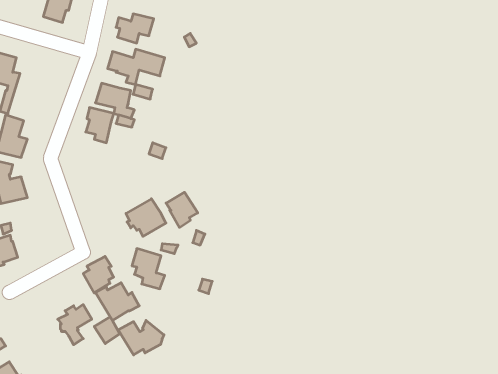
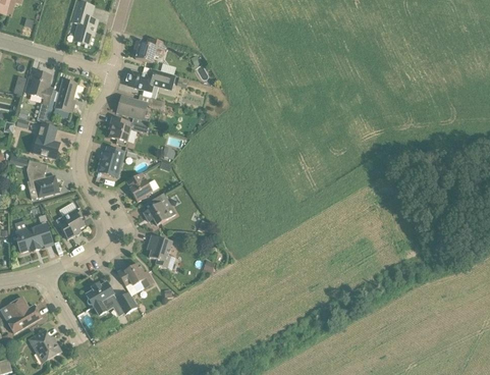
building: none -> [54,78,76,112]
building: none -> [96,146,124,176]
building: [166,192,198,227] -> [125,172,152,202]
building: [83,256,114,293] -> [58,208,84,238]
building: [118,320,164,355] -> none

